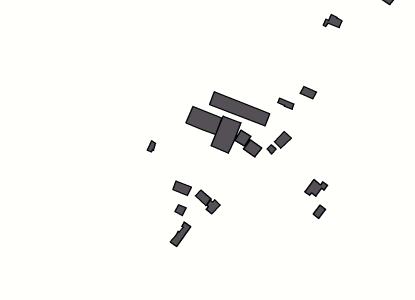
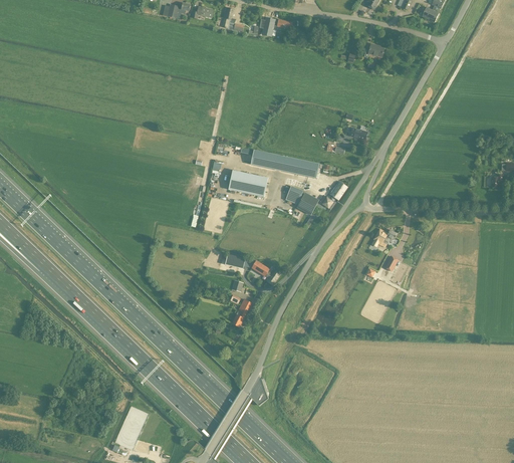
building: [211,116,241,153] -> none

